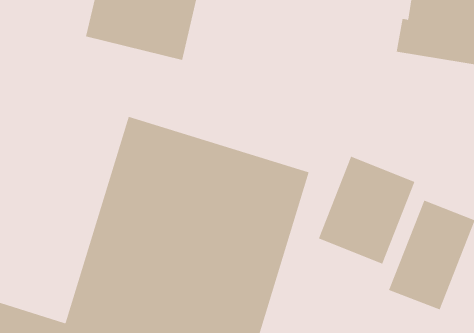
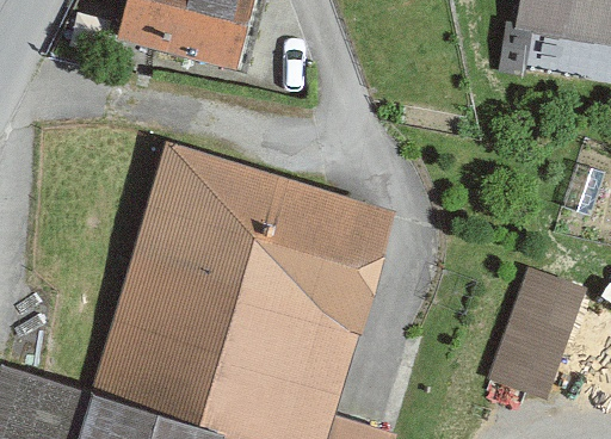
building: [318,156,415,264] -> none

